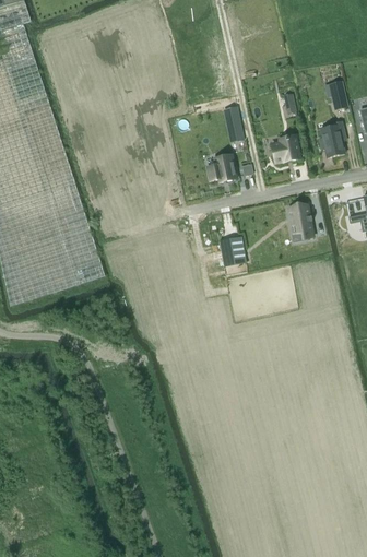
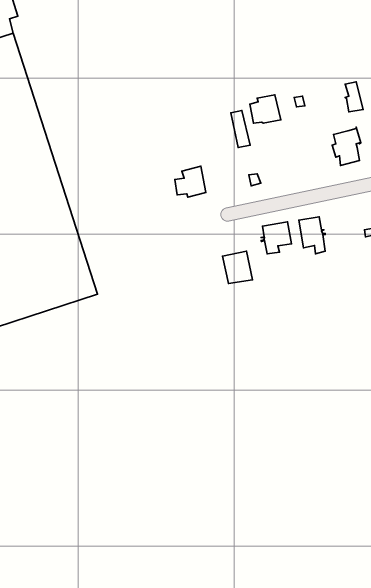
building: [272,134,300,161] -> [250,95,281,123]
building: [208,153,236,181] -> [175,166,206,197]
building: none -> [261,222,291,254]

